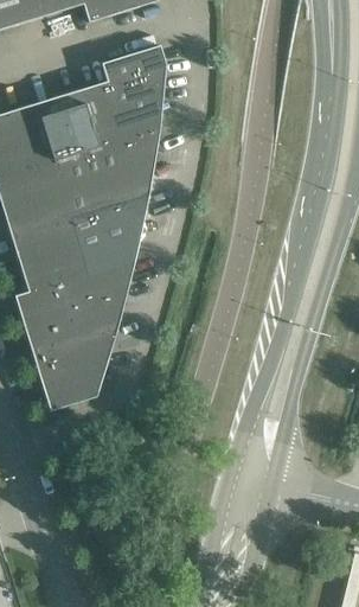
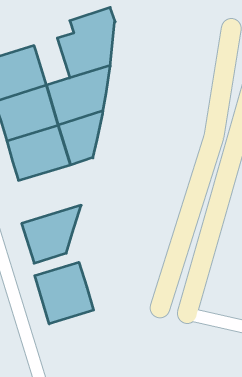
building: [51,87,102,154] -> none
building: [15,257,135,352] -> none
building: none -> [35,262,94,324]

